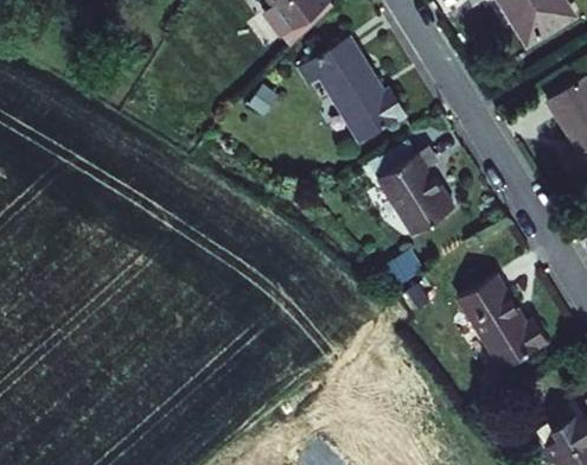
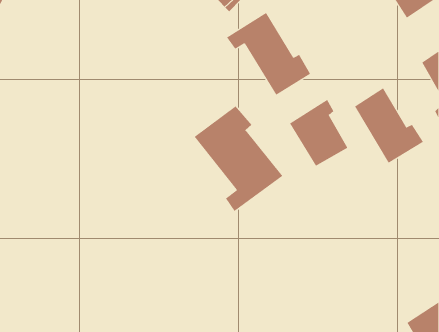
building: none -> [194,106,283,212]
building: [457,272,544,368] -> [354,88,424,163]

